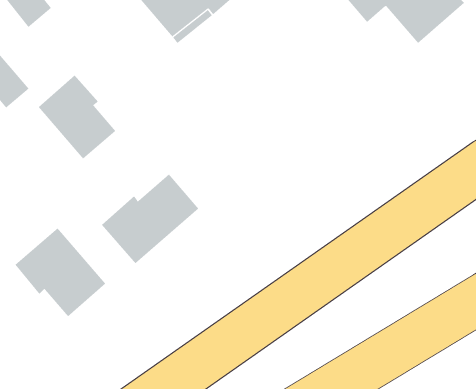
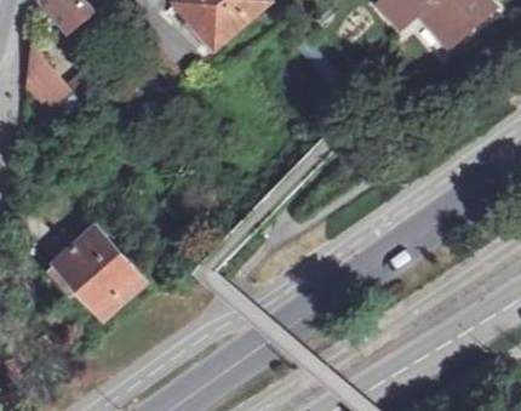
building: [38,75,116,160] -> none
building: [101,174,199,264] -> none

